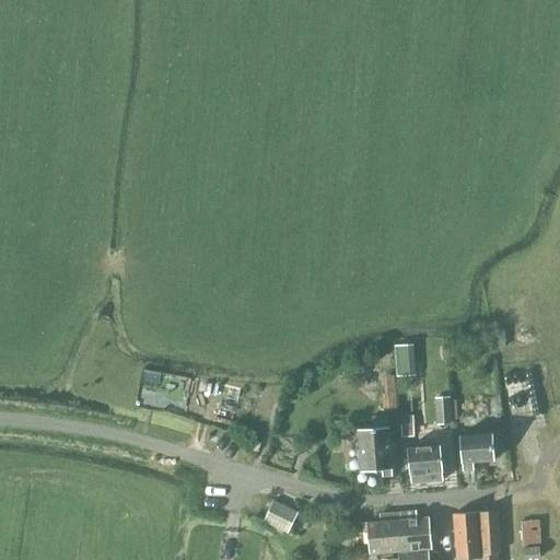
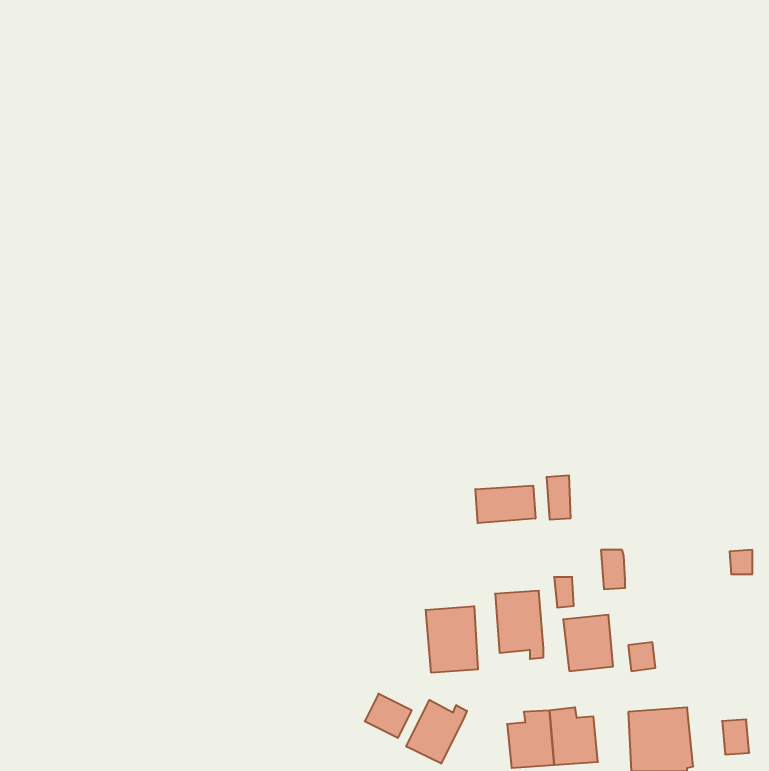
building: none -> [475,486,535,523]
building: [459,433,494,463] -> none
building: none -> [426,606,478,673]
building: none -> [406,700,467,764]

